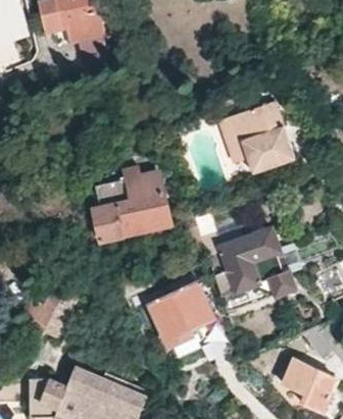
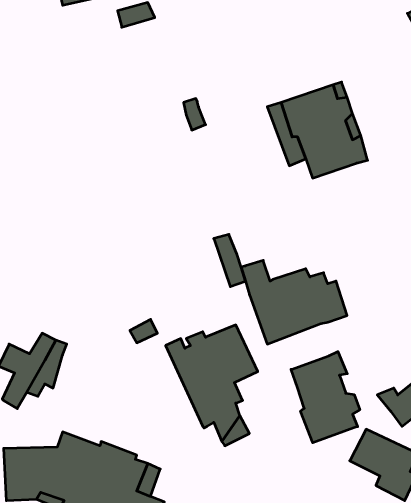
building: [92,173,171,242] -> none
building: none -> [291,352,360,443]

